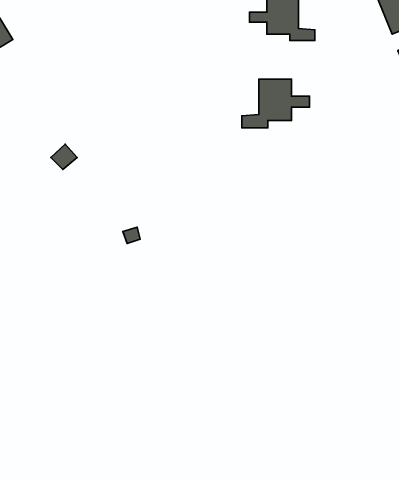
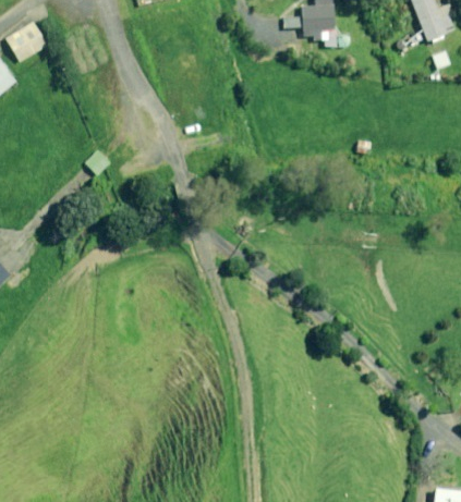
building: [242,79,310,128] -> none

